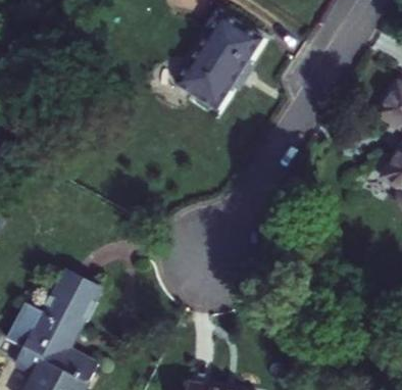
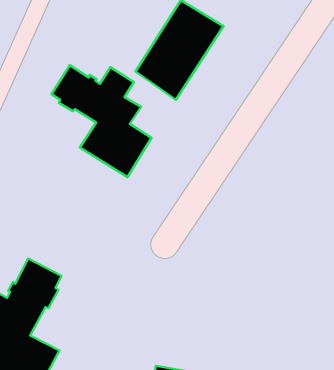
building: none -> [51,65,152,177]

